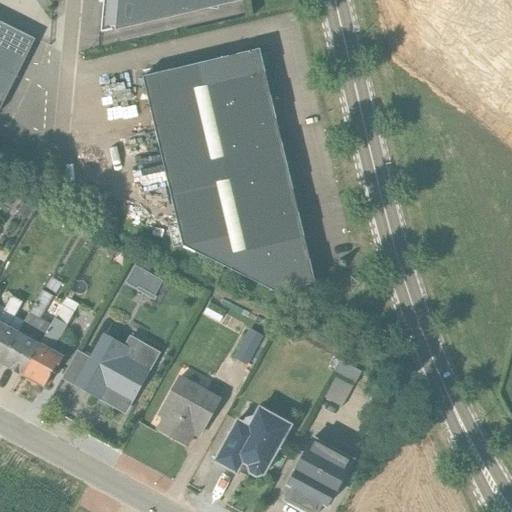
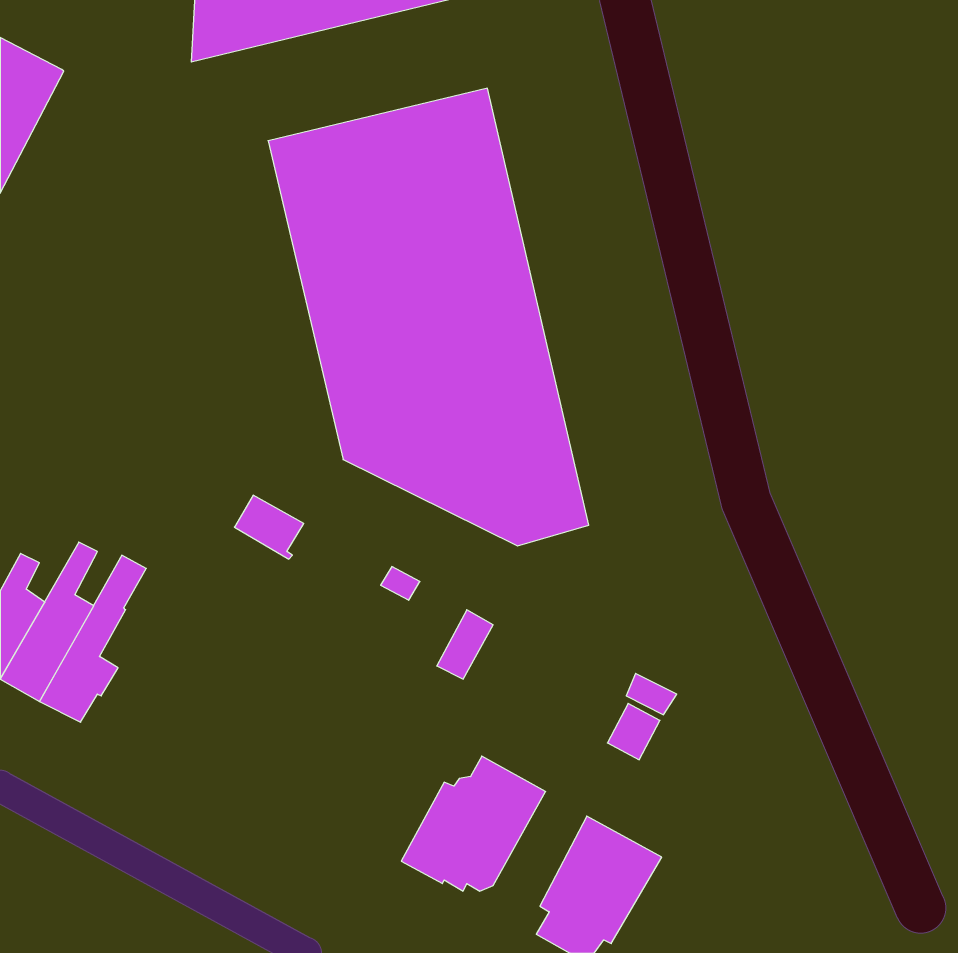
building: [61,332,160,412] -> none
building: [158,374,219,443] -> none

